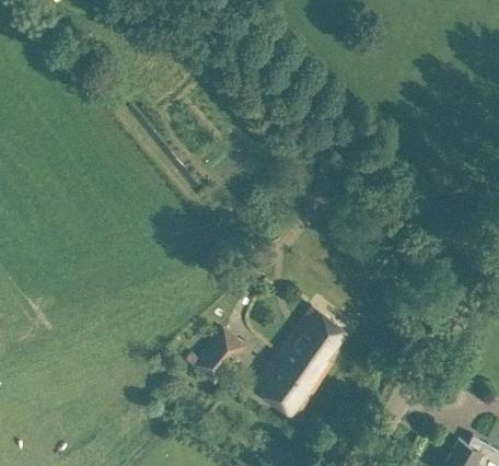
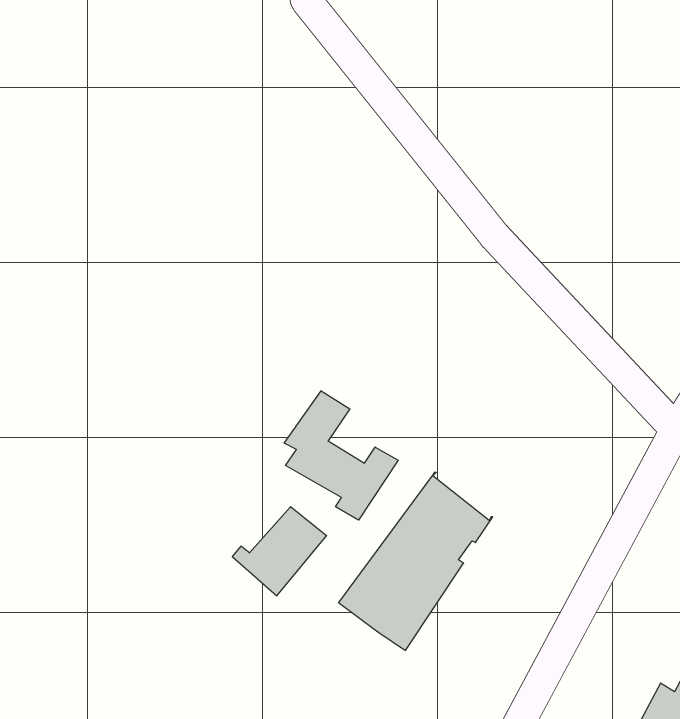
building: none -> [284,391,398,520]

